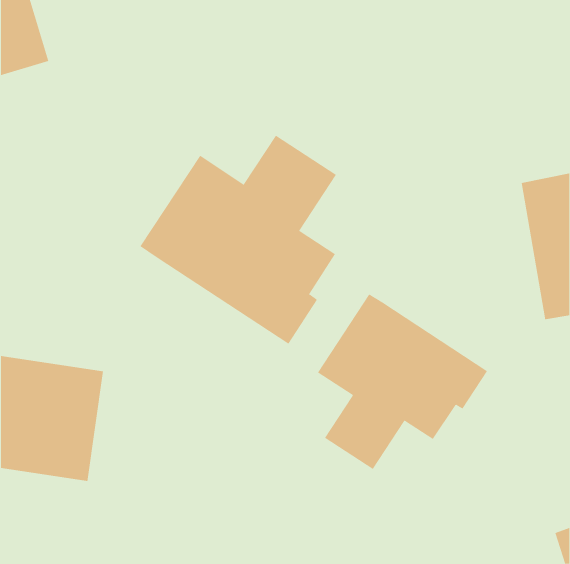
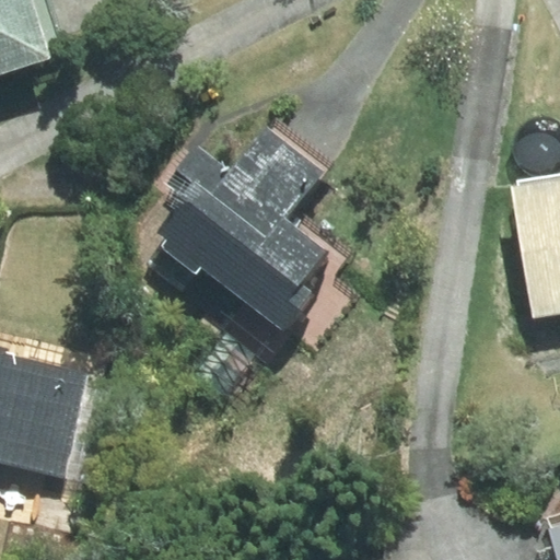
building: [317,293,488,470] -> none

